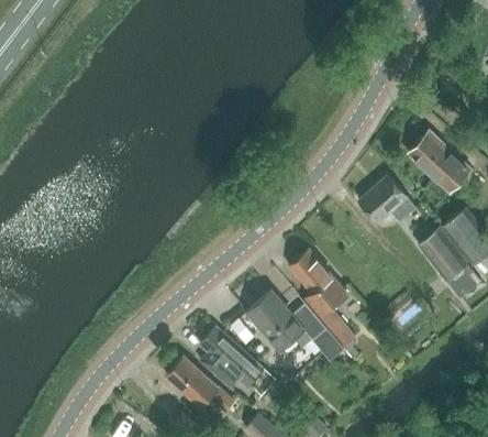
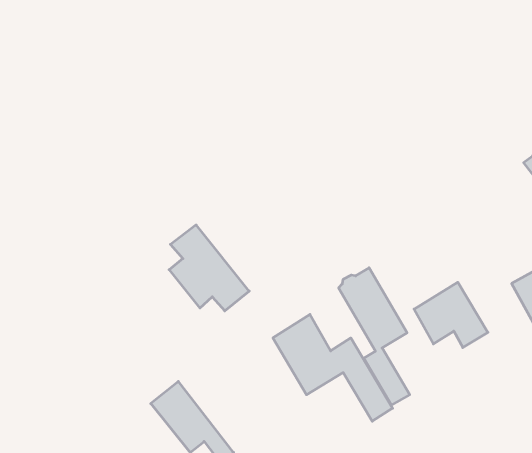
building: [359,176,417,225] -> [414,282,488,348]
building: [200,328,264,389] -> [169,225,249,311]

